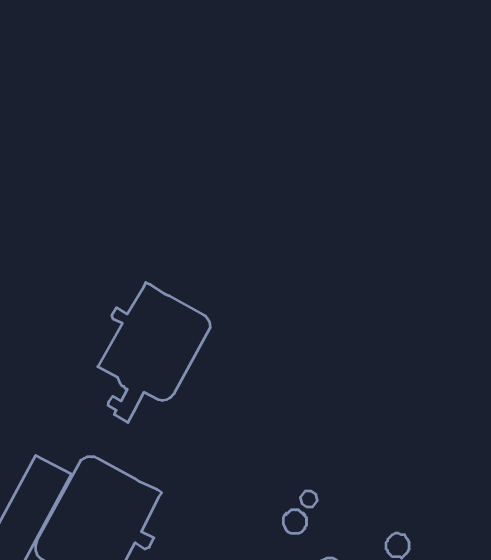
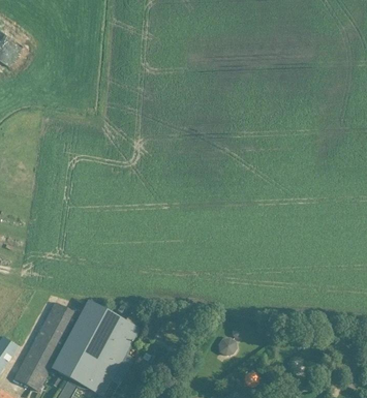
building: [98,282,210,423] -> none

